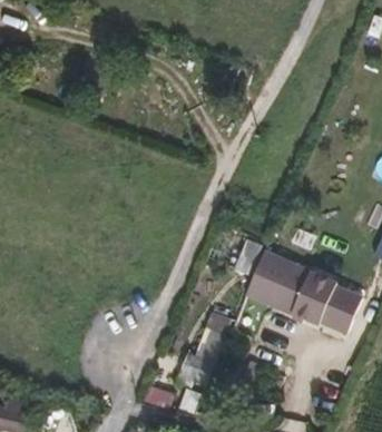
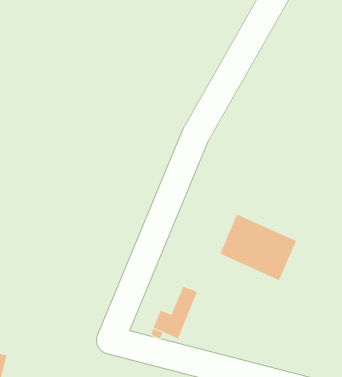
building: [307,279,365,335] -> none

